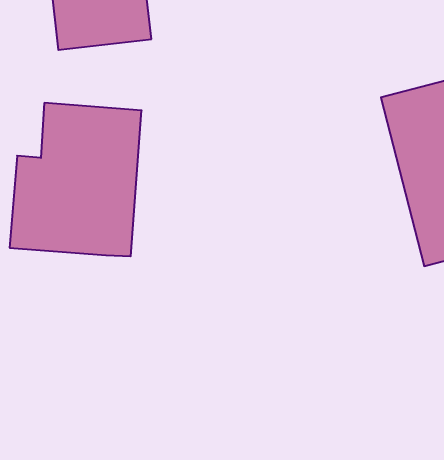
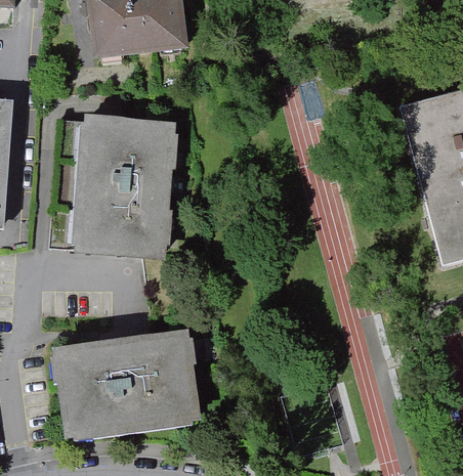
building: none -> [54,326,206,437]

